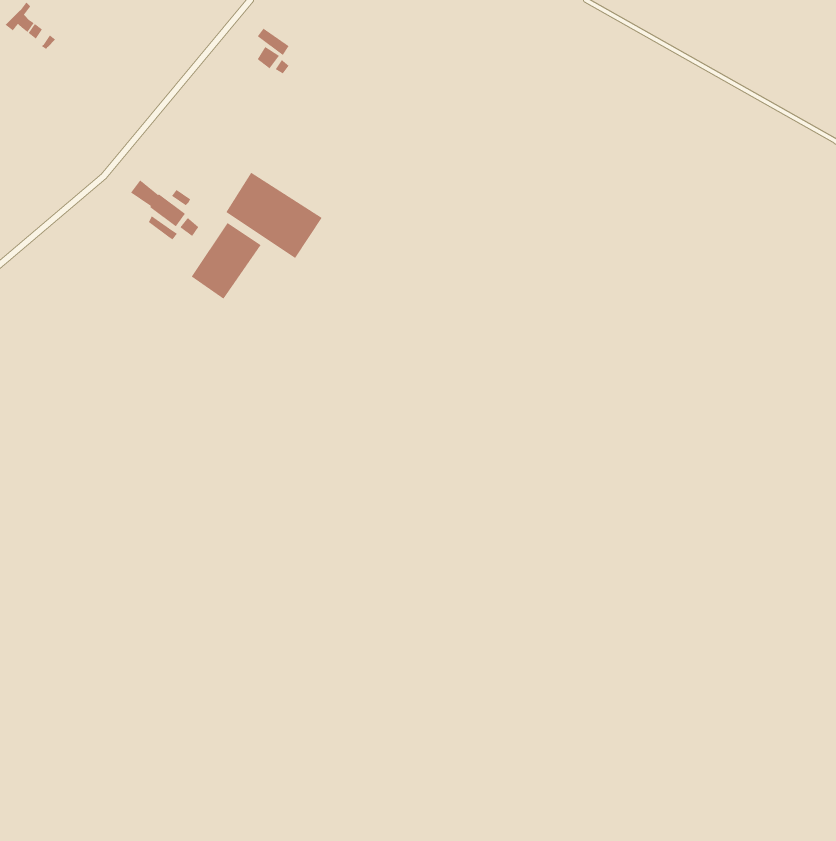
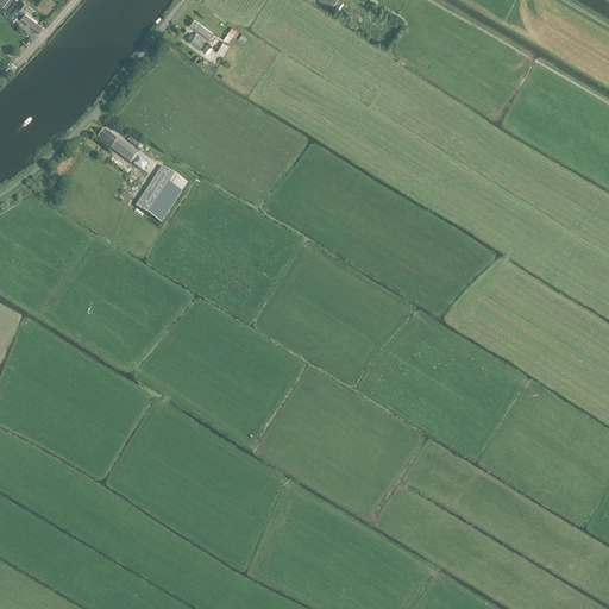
building: [225,172,323,259] -> none

